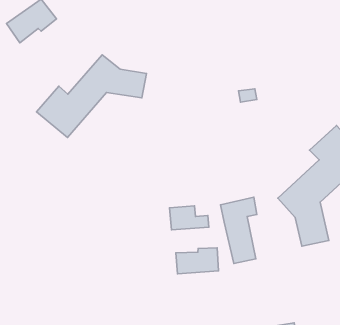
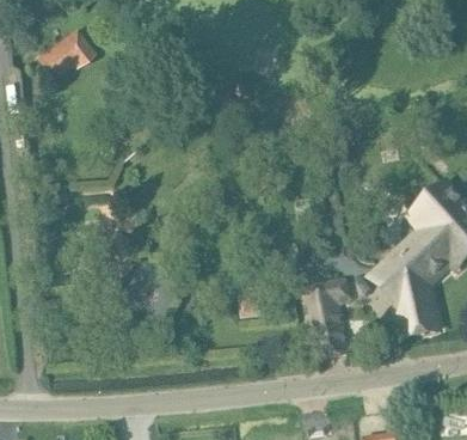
building: [36,55,147,137] -> none
building: [176,248,218,274] -> none

